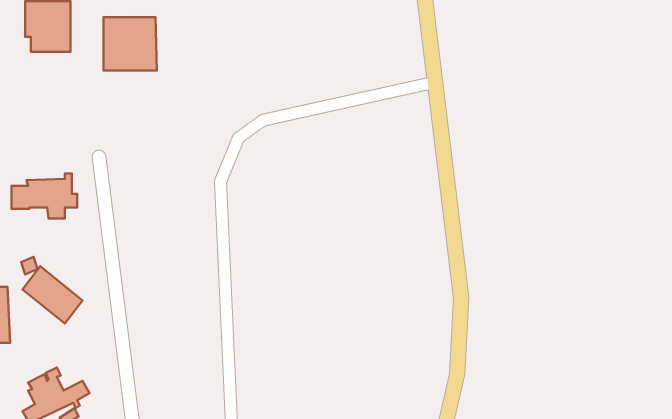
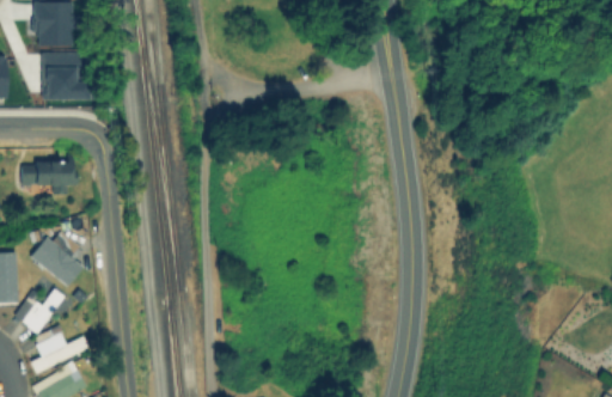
building: [104,17,157,71] -> [42,54,88,100]
building: none -> [27,287,66,332]

